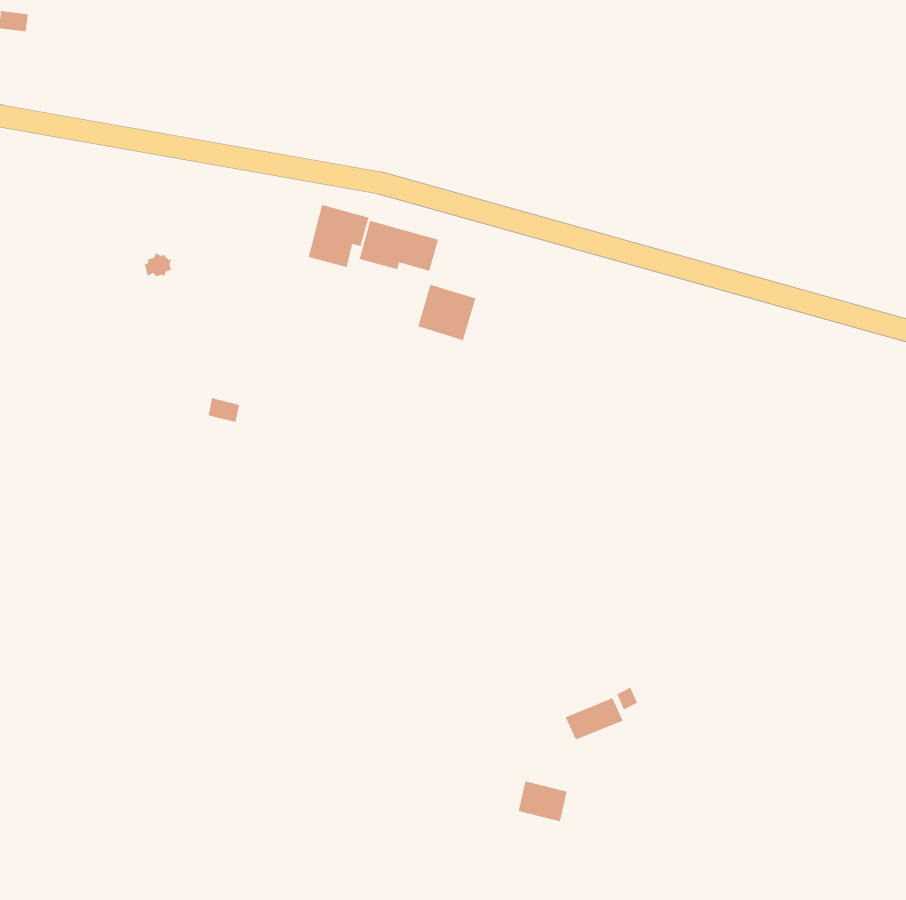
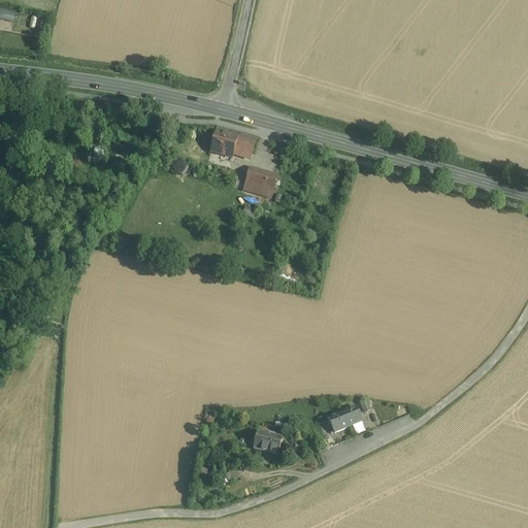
building: [308,204,369,268] -> none
building: [518,781,568,822] -> [253,429,282,453]

